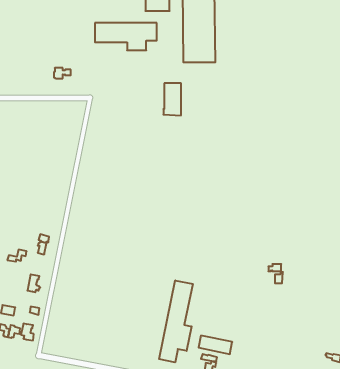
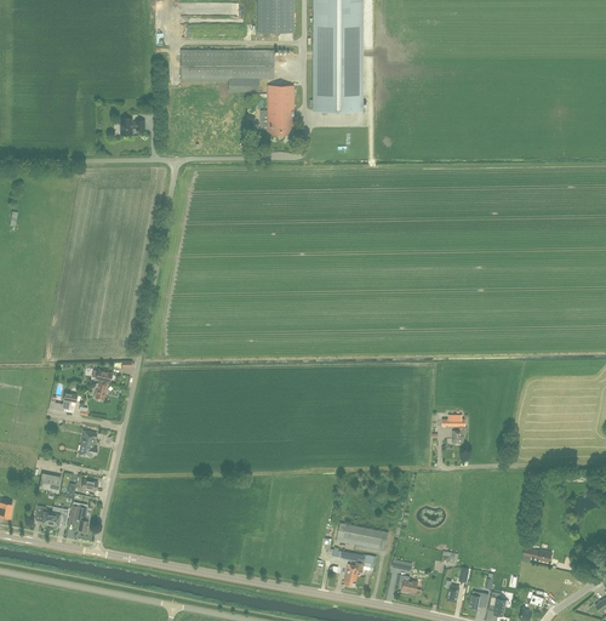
building: [163,83,181,115] -> [267,86,293,135]
building: [159,280,193,362] -> none

